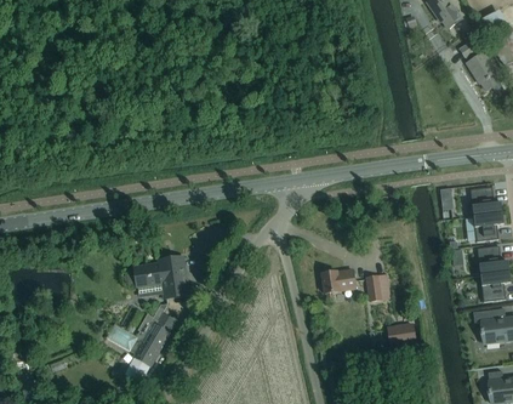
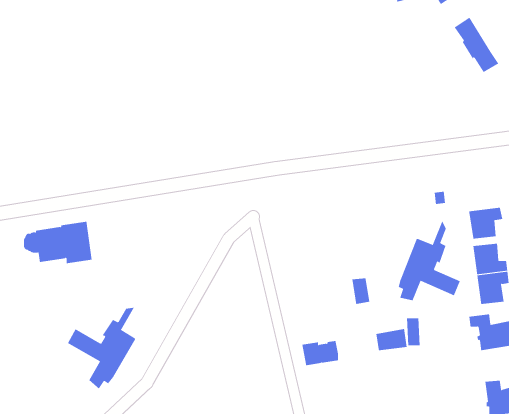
building: [471,187,502,216] -> none
building: none -> [398,220,461,301]
building: [125,257,188,296] -> [23,221,92,264]
building: [321,269,355,292] -> [302,341,339,366]

